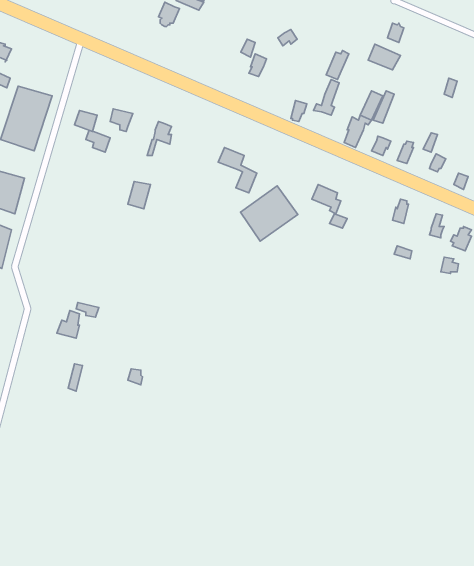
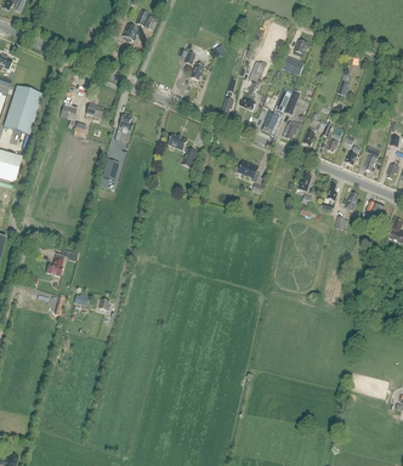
building: [241,186,298,241] -> none

